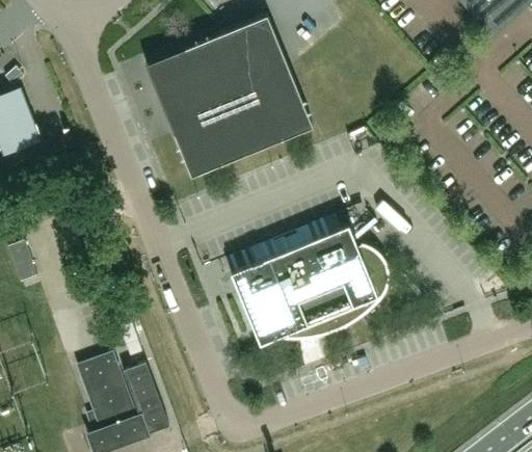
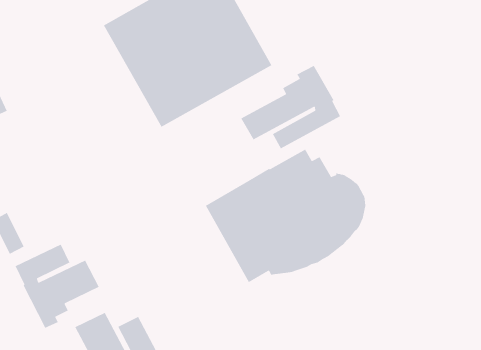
building: none -> [240,65,341,149]
building: none -> [14,243,100,329]

